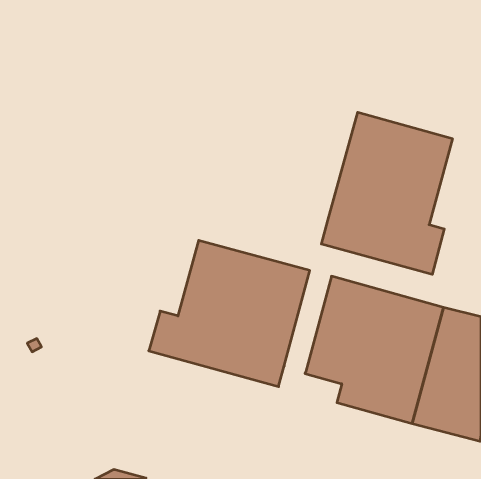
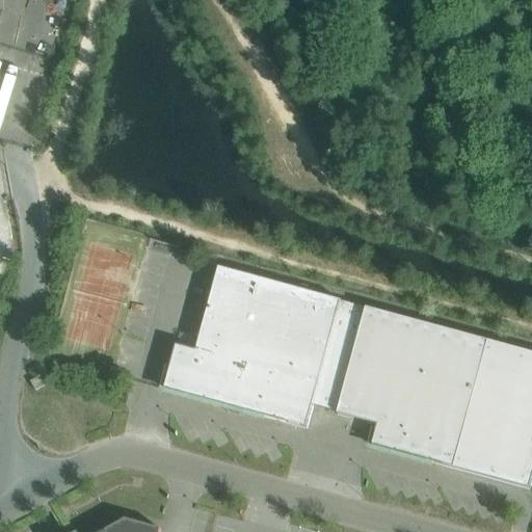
building: [321,112,452,274] -> none
building: none -> [314,298,366,409]

